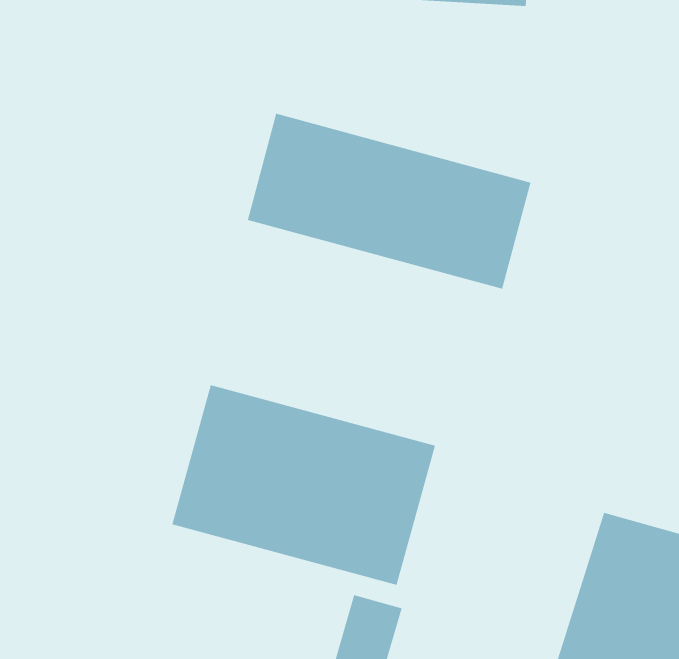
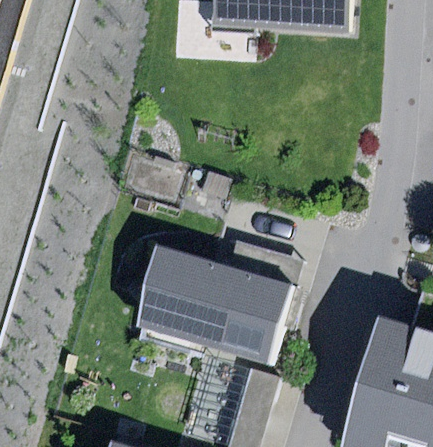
building: [247,113,531,290] -> none

